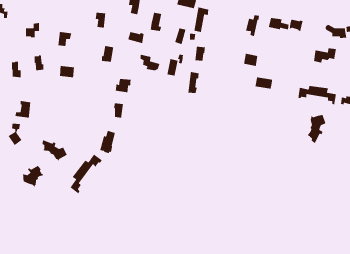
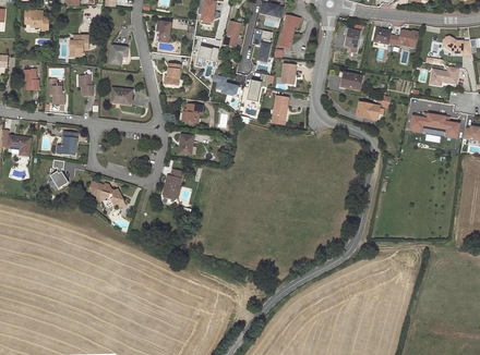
building: [306,114,326,144] -> none
building: [70,153,103,194] -> none
building: [22,165,44,188] -> none

